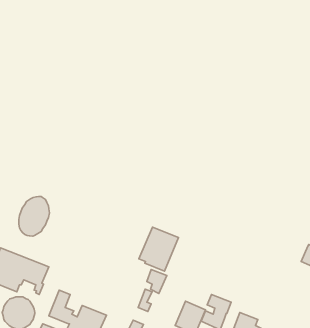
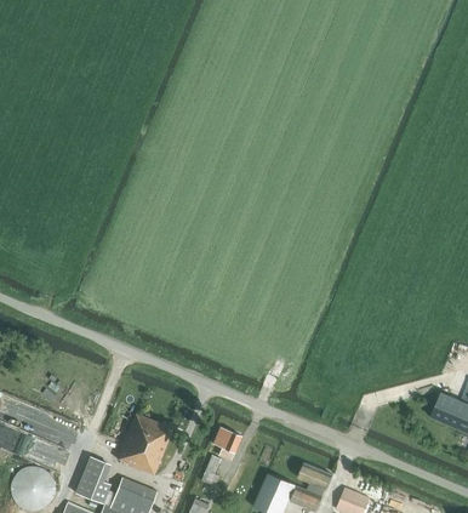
building: [19,196,49,236] -> none
building: [139,227,178,271] -> [116,414,172,475]

